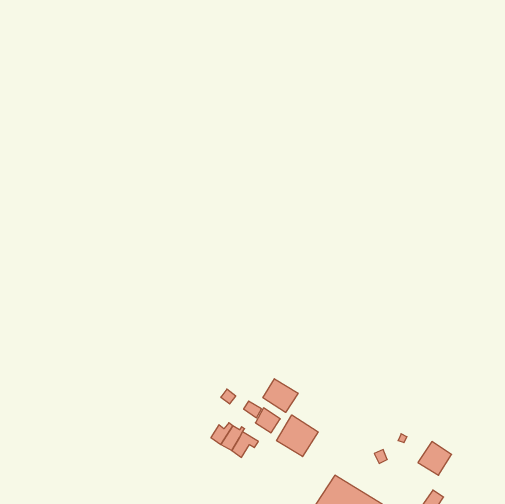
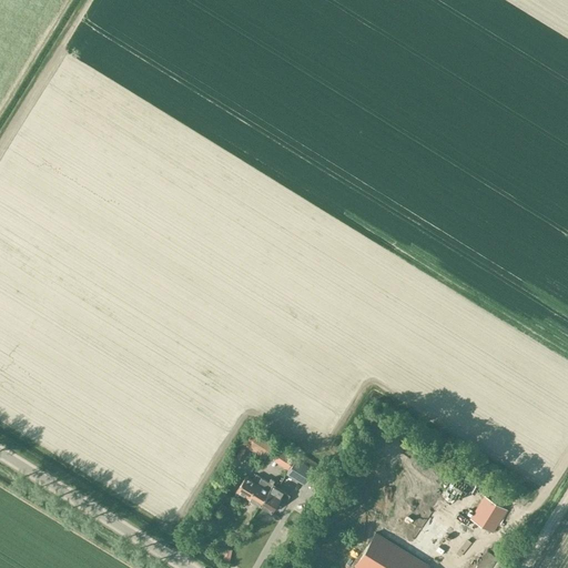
building: [263,379,298,412] -> none
building: [277,415,318,457] -> none

